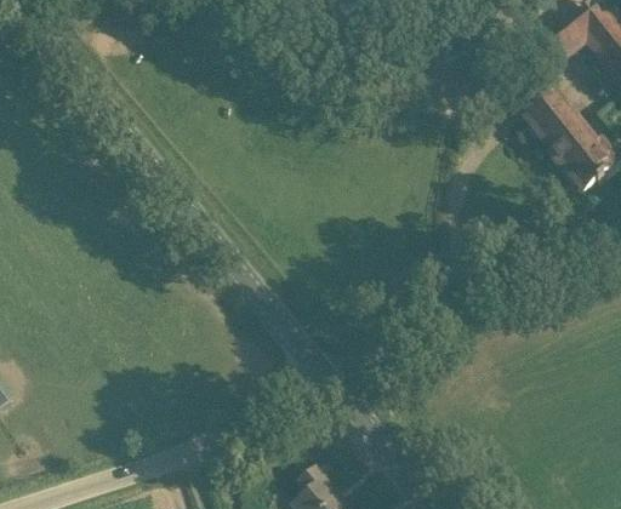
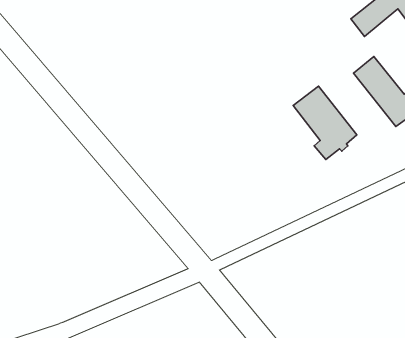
building: none -> [293,86,357,160]

